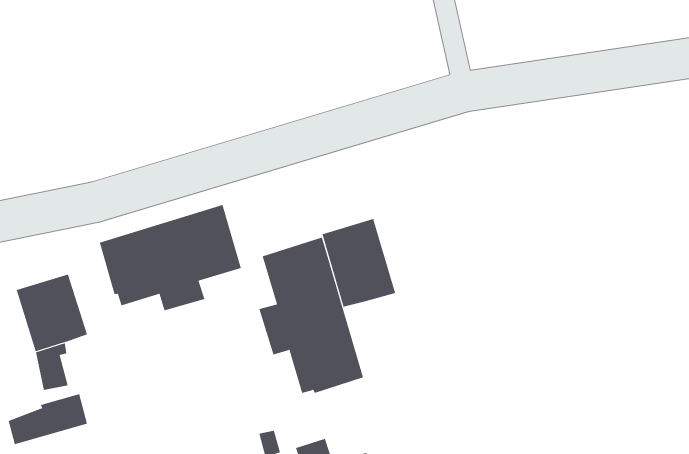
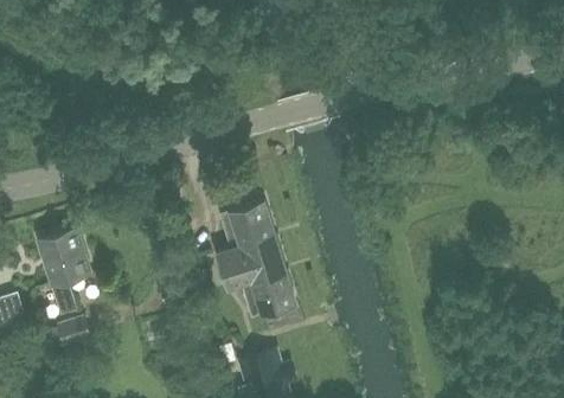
building: [99,204,241,311] -> none
building: [322,218,396,307] -> none

